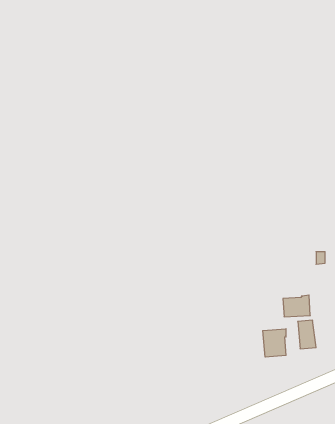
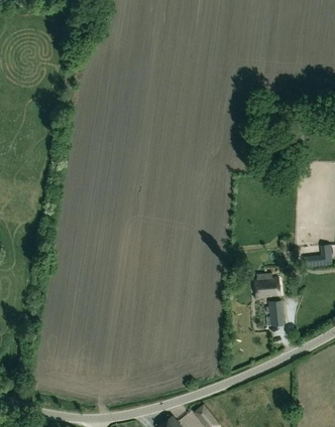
building: [263,329,286,357] -> none

